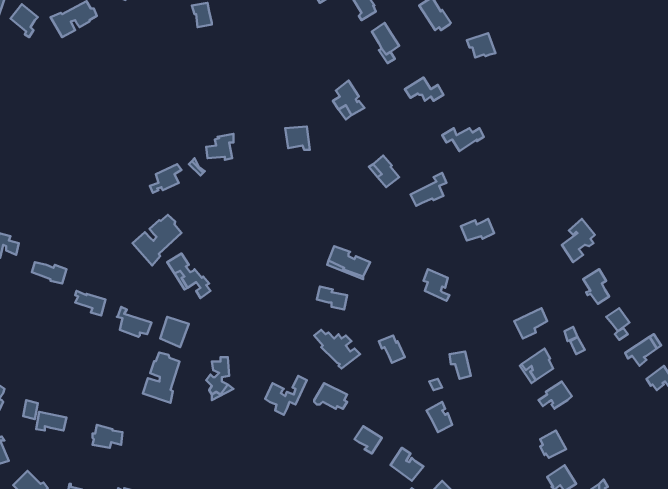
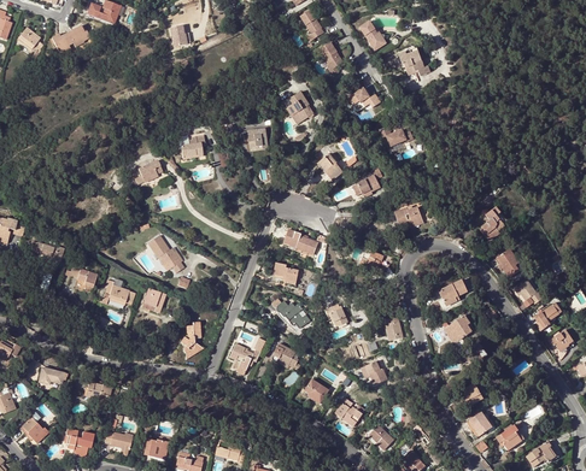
building: [133,215,181,265] -> none
building: [143,353,179,403] -> none

